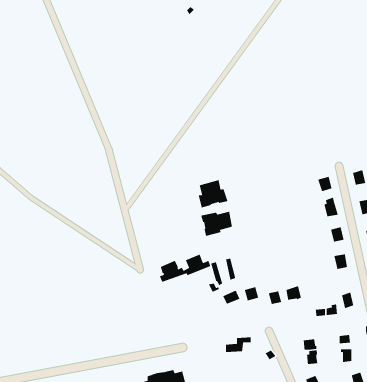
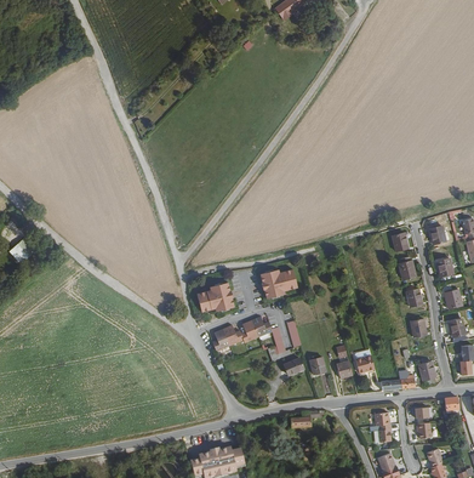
building: [198,179,228,208] -> none
building: none -> [199,281,235,311]

